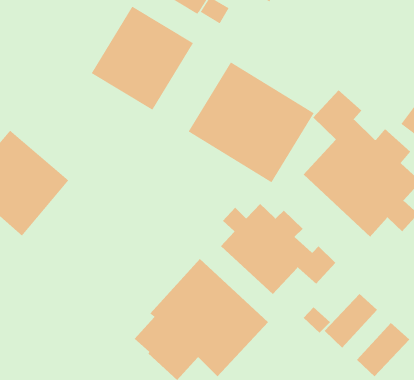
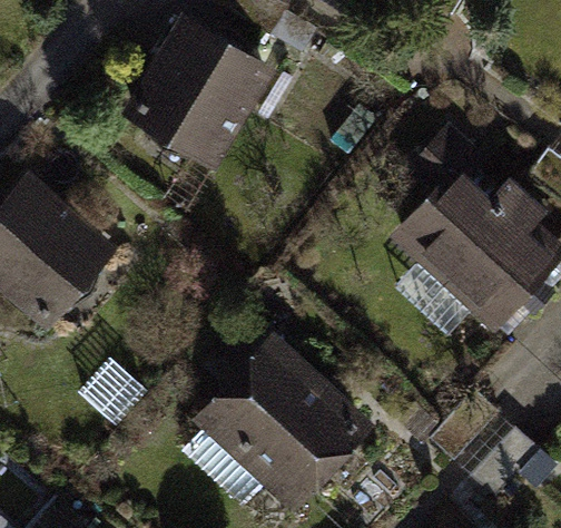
building: [188,62,315,183] -> none
building: [220,203,336,295] -> none

